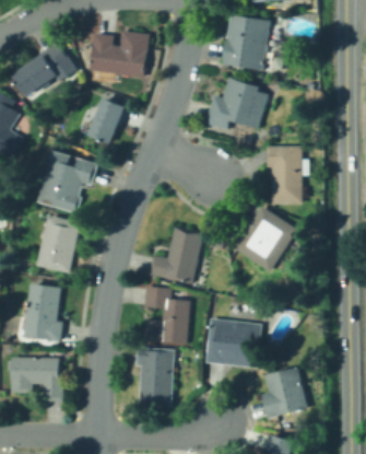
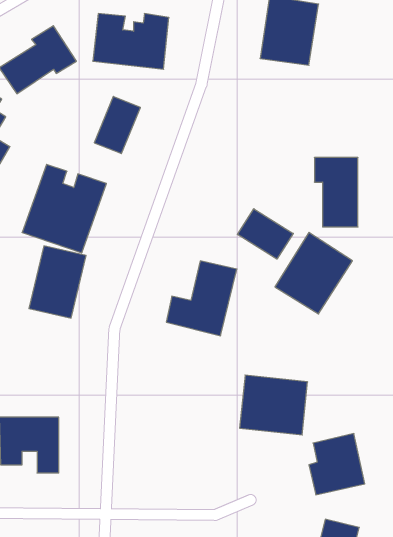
building: [216,80,268,129] -> none
building: none -> [237,209,293,259]
building: [26,287,60,340] -> none
building: [145,287,191,347] -> none
building: [135,350,173,410] -> none

